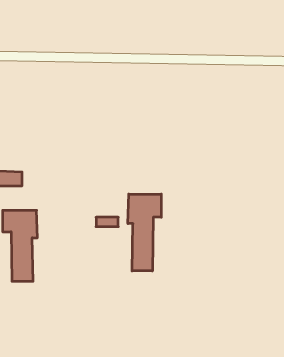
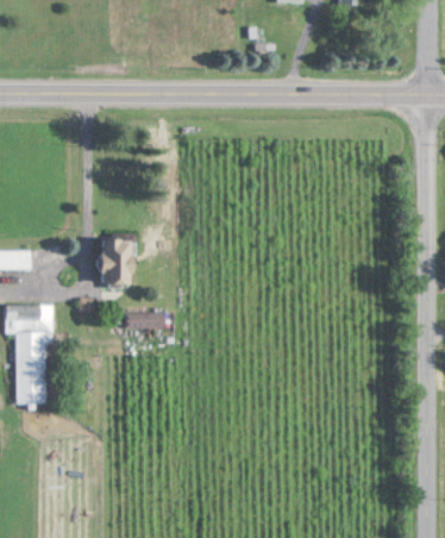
building: none -> [104,239,133,287]
building: [128,194,161,271] -> none

